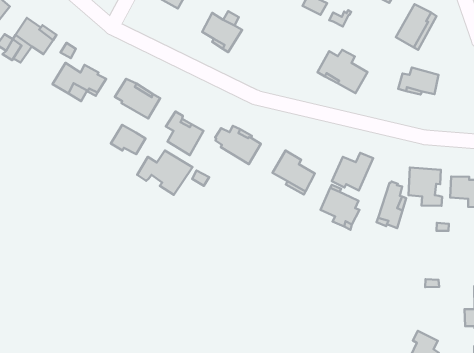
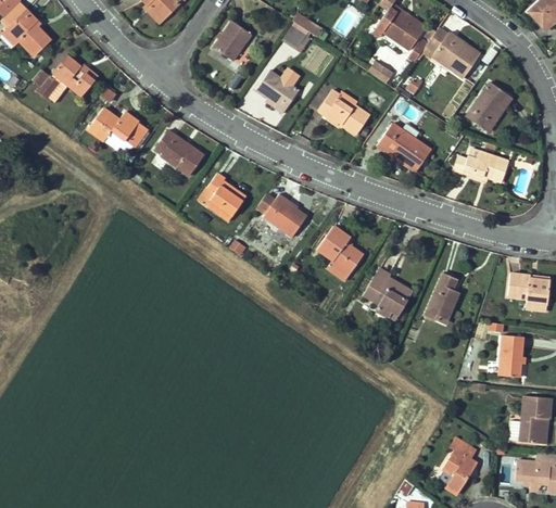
building: none -> [318,89,370,135]
building: [111,125,145,154] -> none
building: [137,150,193,195] -> none
building: [332,153,373,191] -> none
building: [409,167,442,206] -> none
building: none -> [498,335,523,378]

